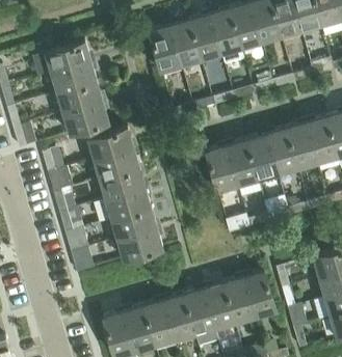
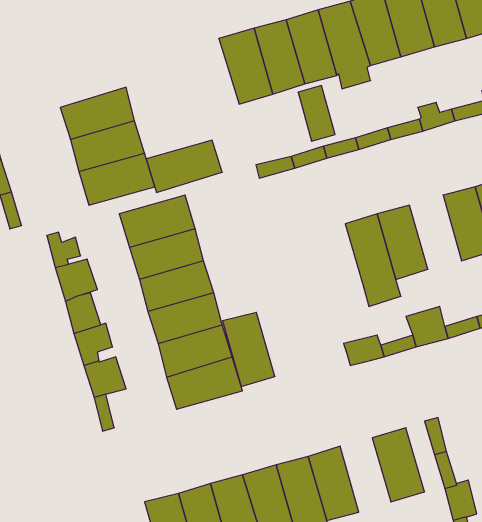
building: [45,43,91,75] -> [146,140,222,192]
building: [266,129,298,174] -> none
building: [206,146,238,192] -> [223,312,275,387]
building: [223,278,255,324] -> none

